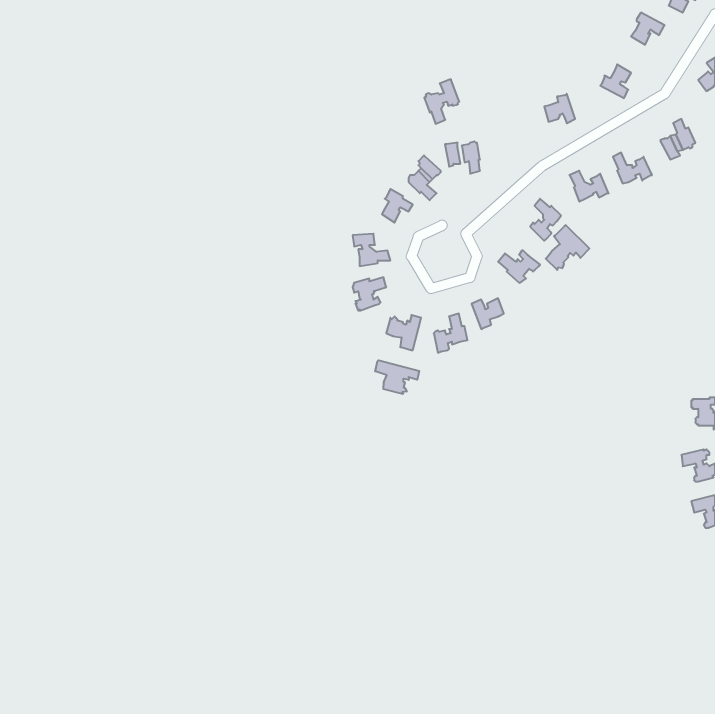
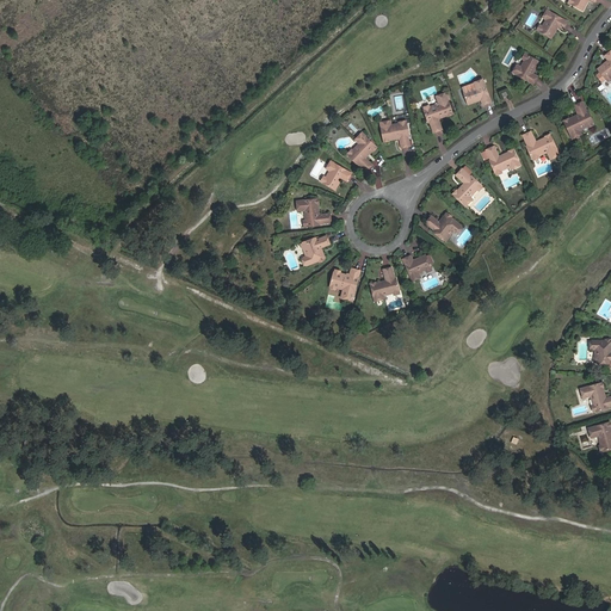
building: [424,79,459,124] -> [424,94,453,132]
building: [546,225,589,270] -> none
building: [375,360,419,394] -> none

